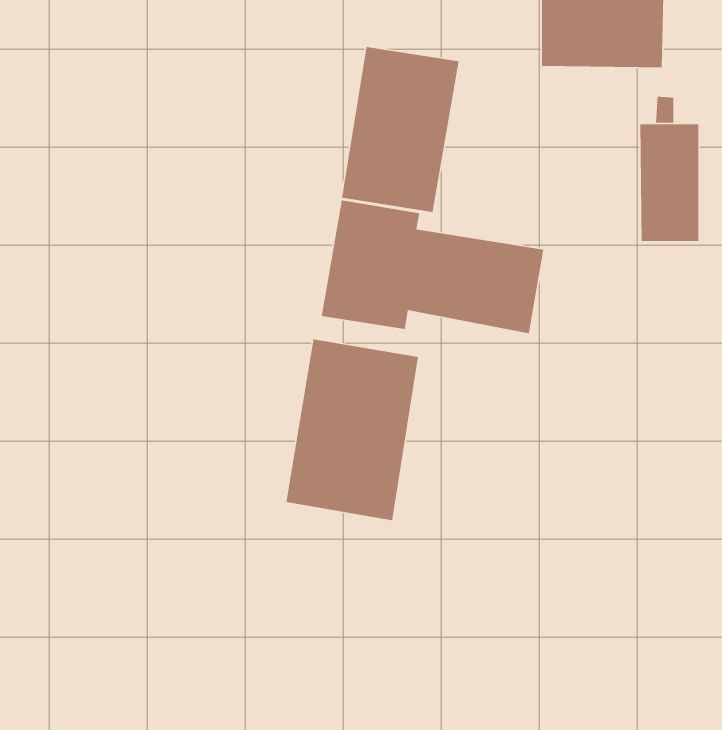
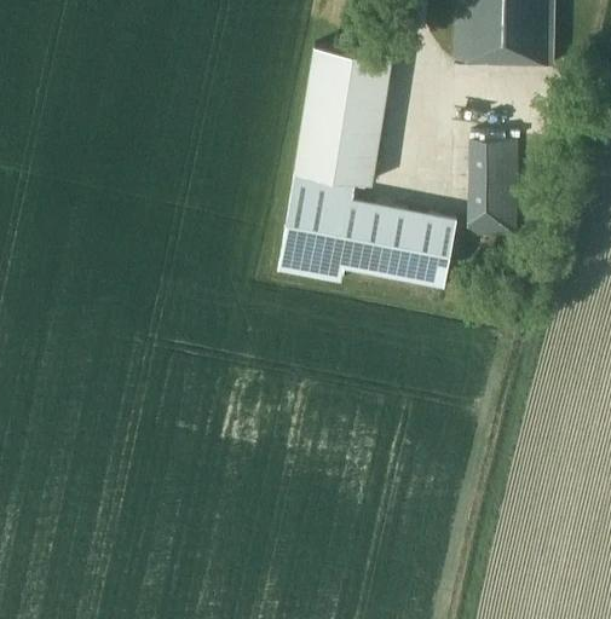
building: [639,124,699,242] -> [469,139,519,237]
building: [285,338,419,521] -> none

